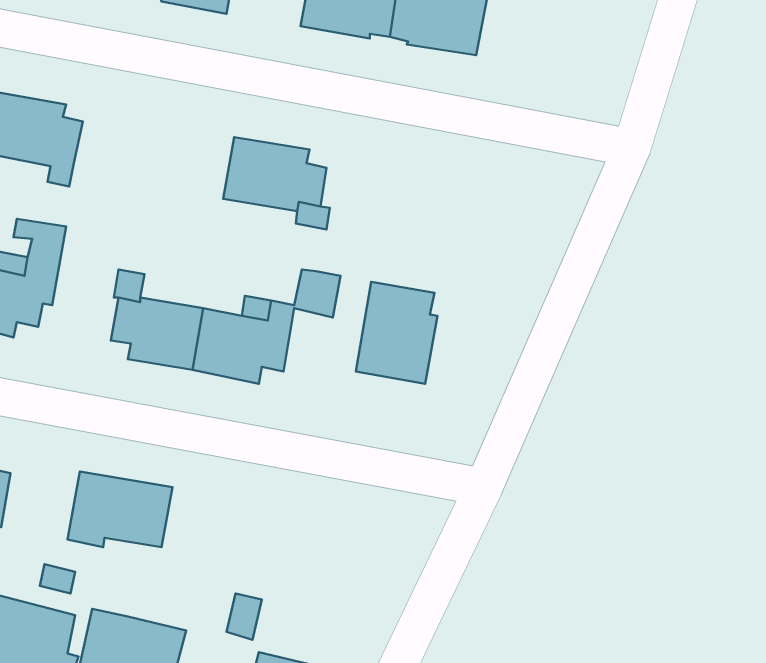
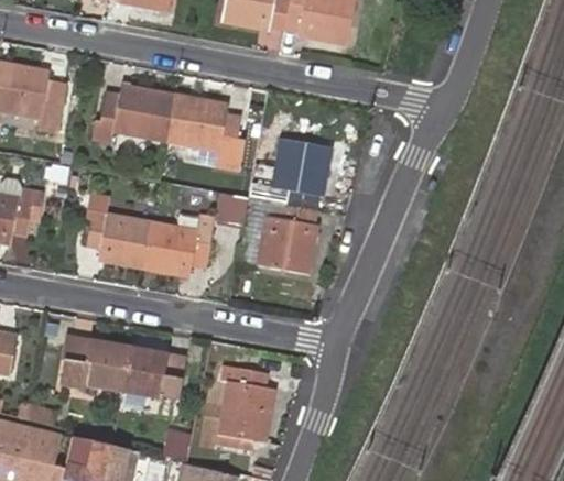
building: none -> [89,89,173,146]
building: none -> [249,138,333,209]
building: none -> [121,348,182,397]
building: none -> [221,365,276,445]

